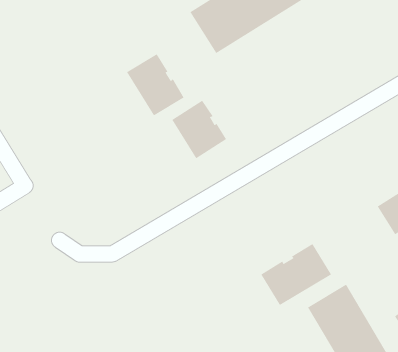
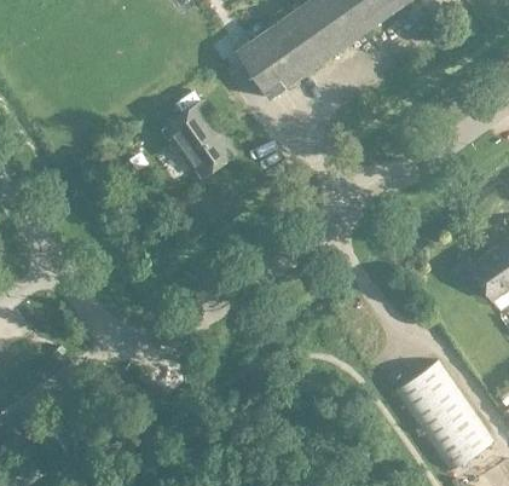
building: [171,100,227,159] -> none
building: [260,243,332,306] -> none

